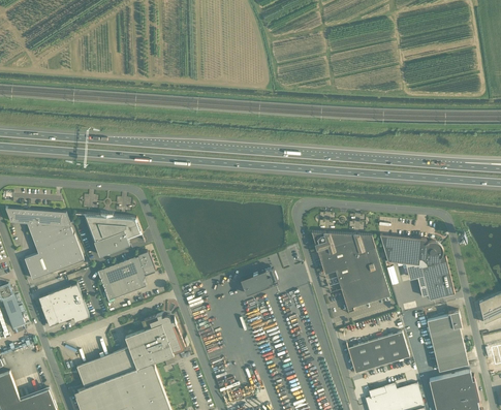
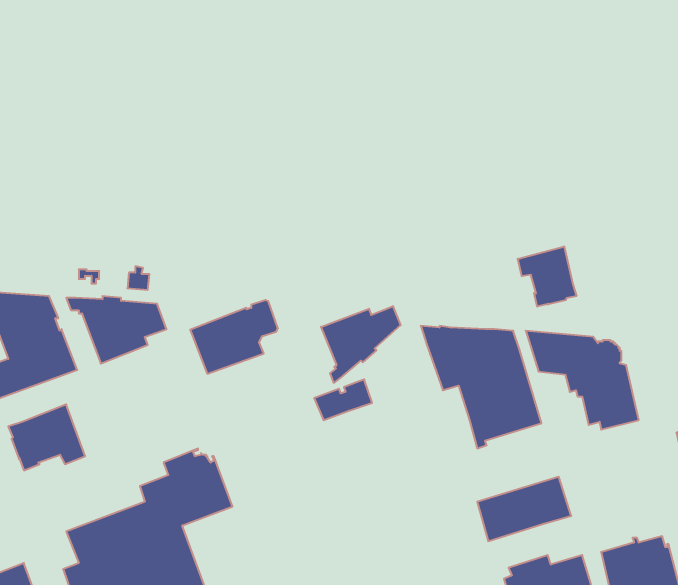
building: none -> [518,246,576,307]
building: none -> [321,306,401,383]
building: [97,252,155,301] -> [190,300,278,374]
building: [426,311,468,372] -> none

